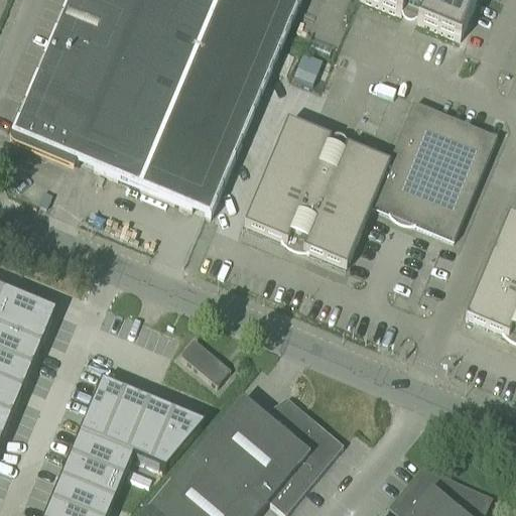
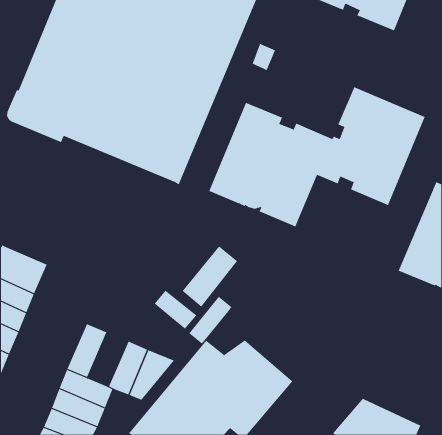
building: none -> [182,245,238,307]
building: none -> [189,296,232,345]
building: [102,387,149,450] -> none

